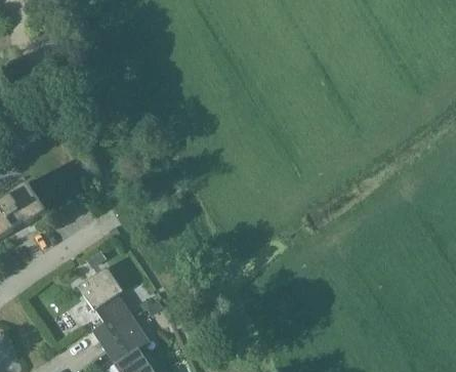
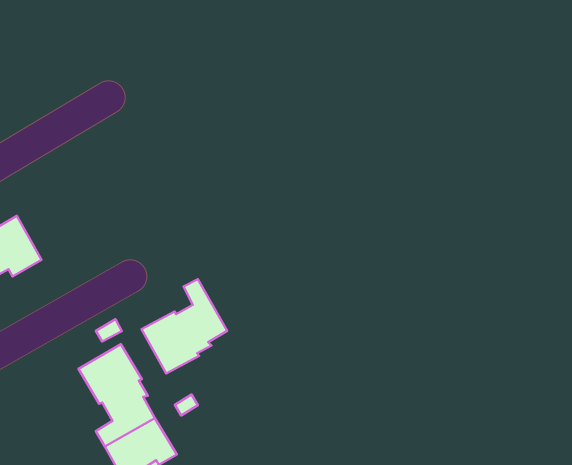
building: none -> [142,279,227,374]

